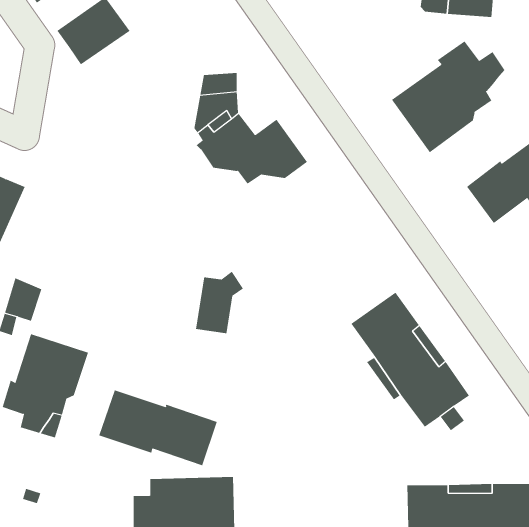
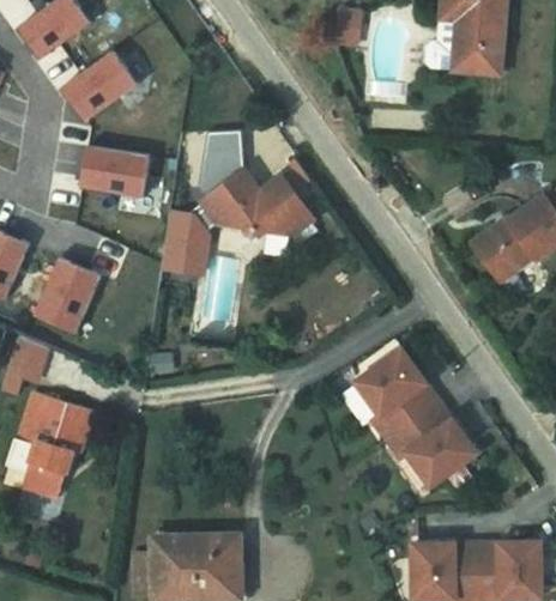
building: [391,40,505,153] -> none
building: none -> [80,146,150,198]
building: none -> [34,257,101,334]
building: [195,271,244,334] -> [168,207,217,271]
building: [99,390,218,466] -> none

